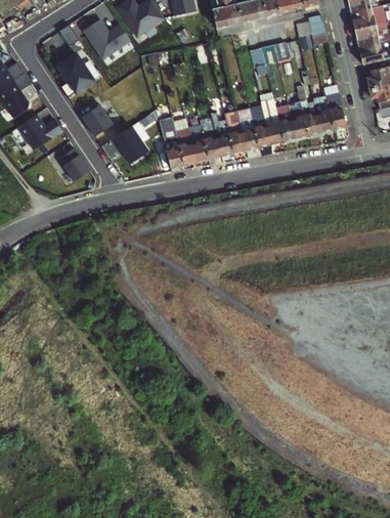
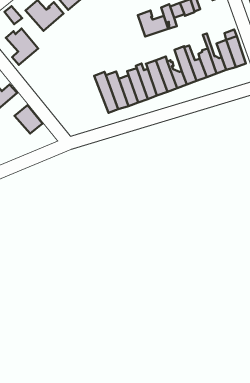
building: none -> [138,11,168,37]
building: [81,104,113,137] -> none
building: [112,126,149,166] -> none

